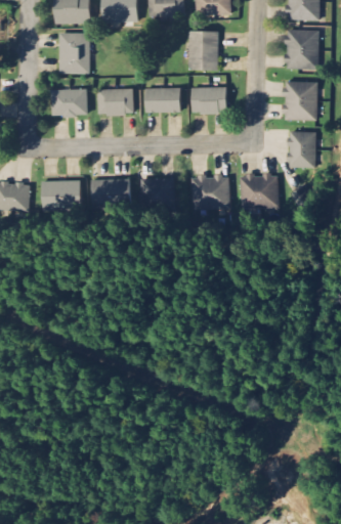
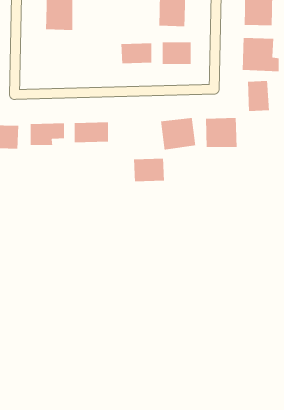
building: [51,89,88,117] -> none
building: [97,89,134,116] -> none
building: [140,178,176,206] -> [133,158,165,182]

